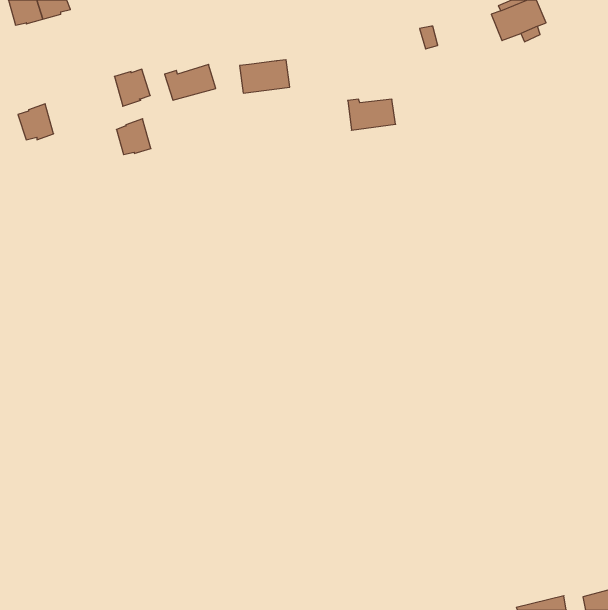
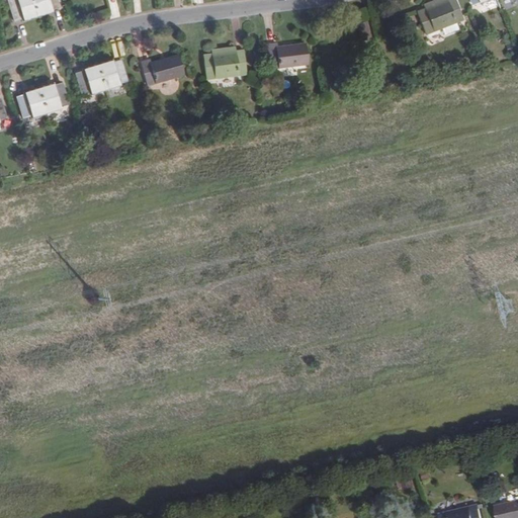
building: none -> [39,83,70,113]
building: [348,99,396,130] -> [268,44,309,70]
building: [116,119,151,155] -> [76,65,105,95]

